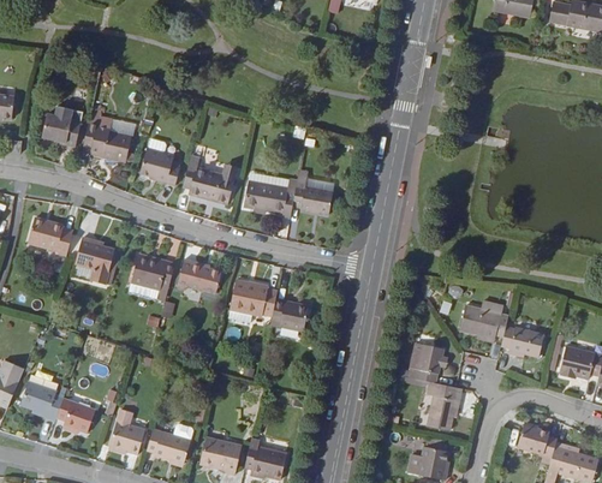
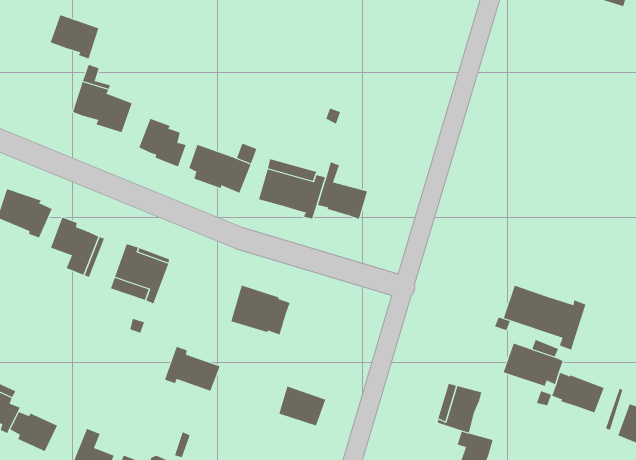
building: [41,113,81,148] -> [50,14,99,59]
building: none -> [503,285,586,350]
building: [175,258,221,293] -> [164,346,221,391]
building: [270,299,309,330] -> [278,386,326,426]

